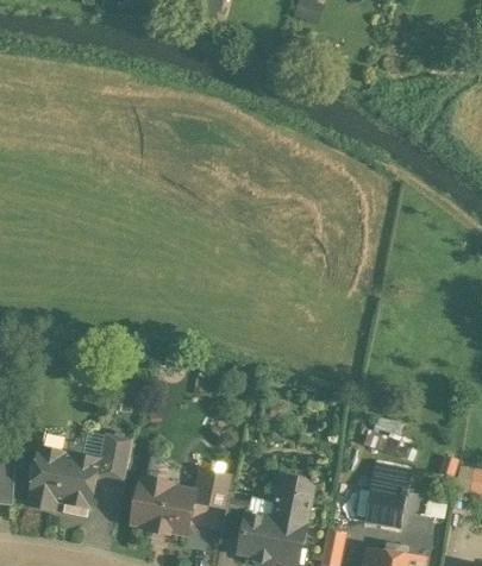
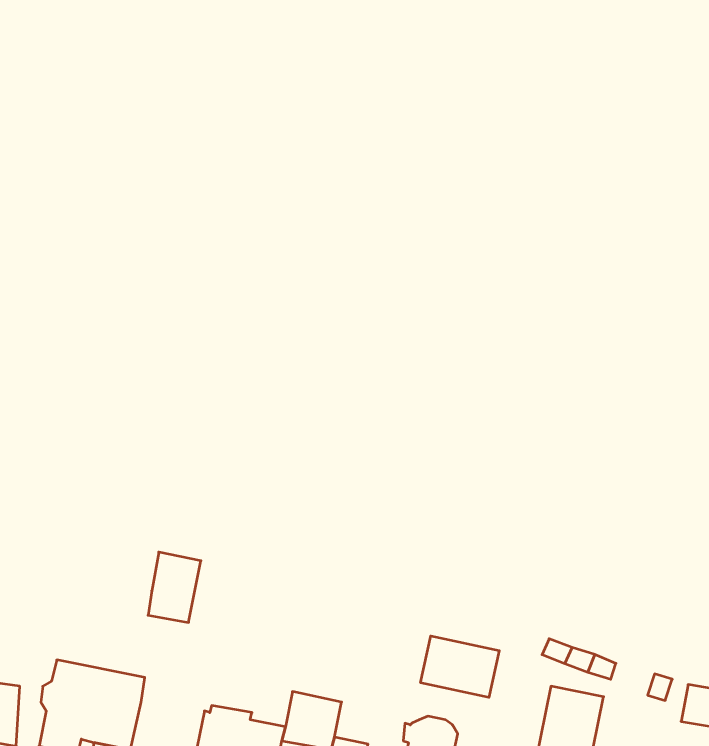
building: none -> [421,636,499,697]
building: [96,434,132,482] -> [148,552,201,622]

